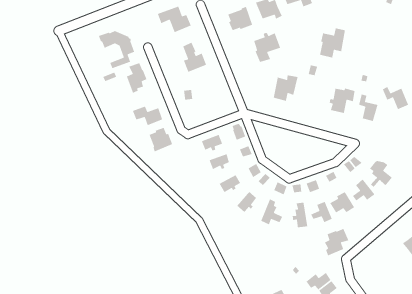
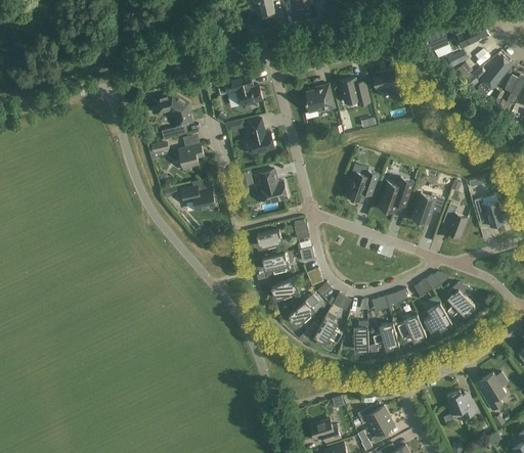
building: [319,28,346,59] -> [378,177,412,213]
building: [253,32,281,63] -> none
building: none -> [259,169,287,202]
building: [148,127,173,152] -> none
building: [324,228,349,256] -> none
building: none -> [446,390,476,417]

